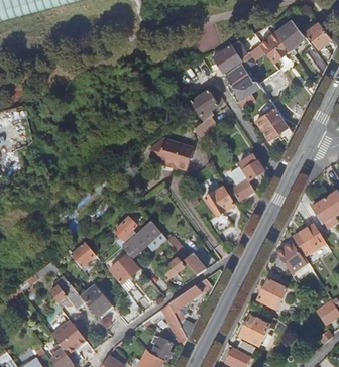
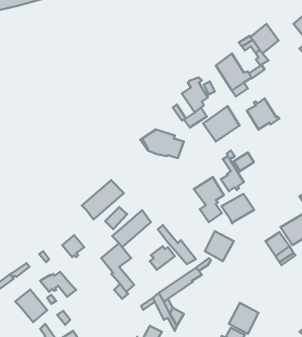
building: [277,19,306,48] -> none
building: [214,43,242,72] -> none
building: none -> [203,106,239,142]
building: none -> [82,180,124,220]
building: none -> [222,194,254,223]
building: [257,278,287,309] -> [205,231,234,261]
building: [80,283,112,317] -> [15,289,47,322]

